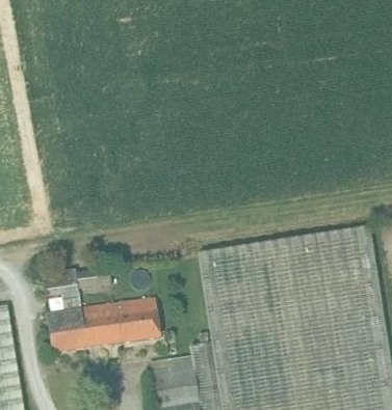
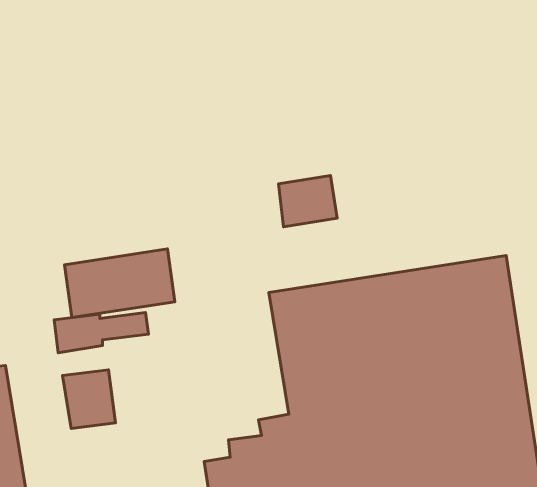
building: none -> [279,176,337,227]
building: [80,296,160,346] -> [65,249,175,318]

